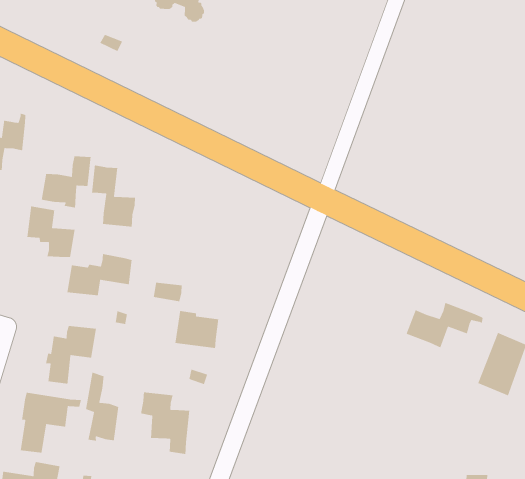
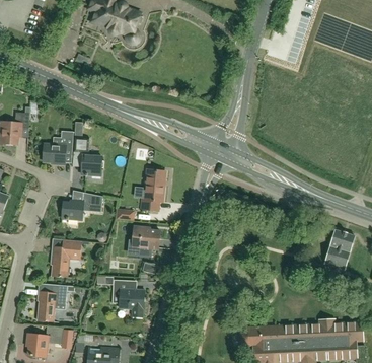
building: [26,206,75,258] -> none
building: none -> [141,168,164,209]
building: [405,302,483,348] -> none
building: [85,371,119,441] -> none

